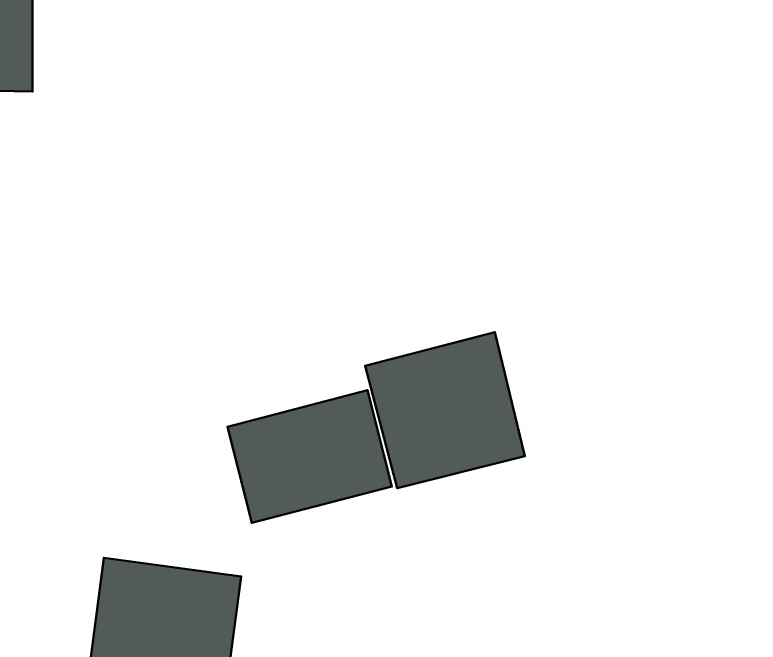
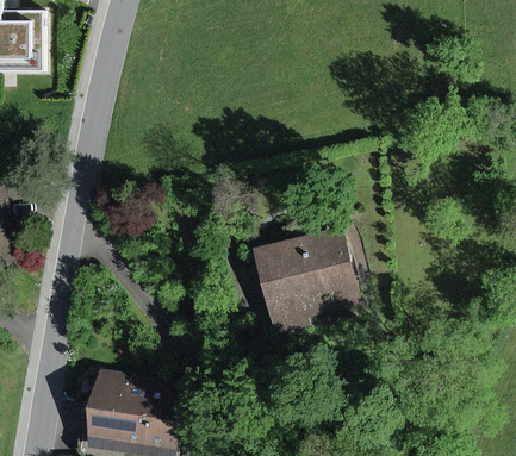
building: [227,390,392,523] -> none

